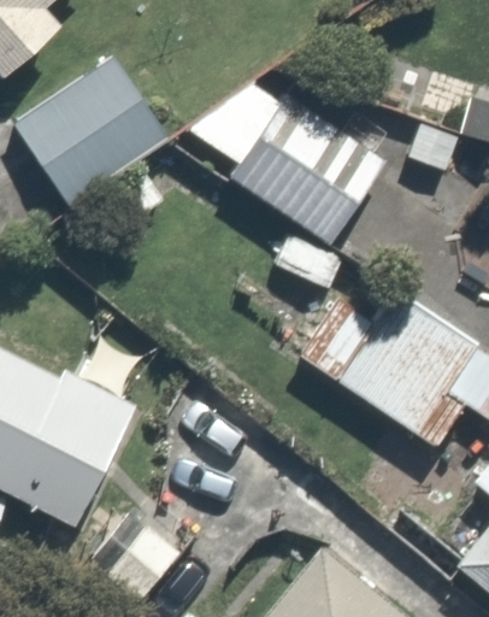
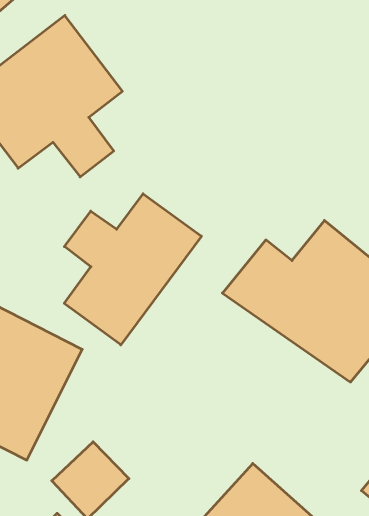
building: [181,81,396,249] -> none
building: none -> [64,194,201,345]

